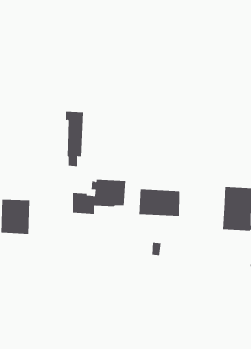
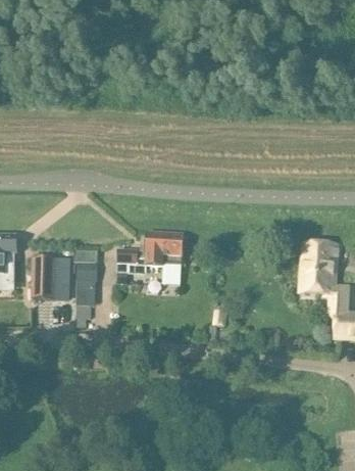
building: [65,111,84,167] -> [74,249,97,317]
building: [139,188,181,217] -> none

